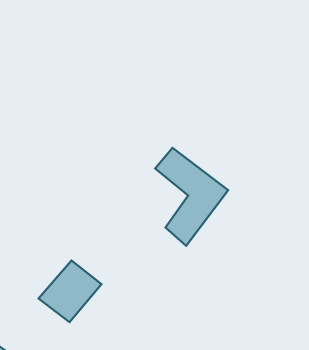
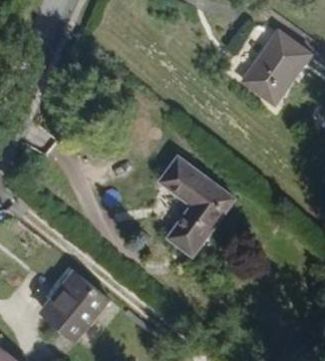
building: none -> [238,31,303,105]

